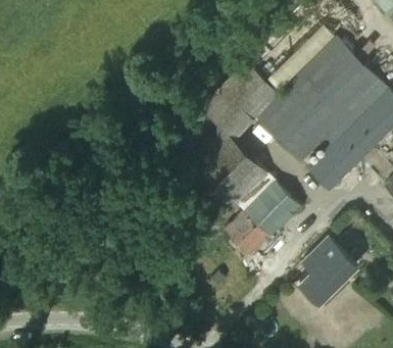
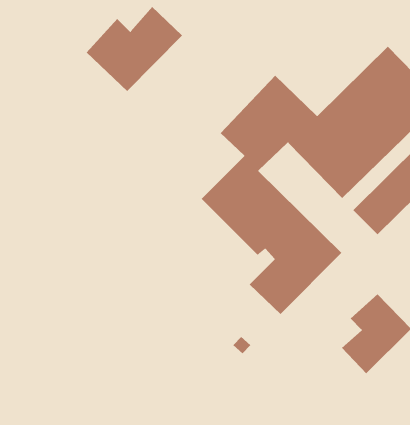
building: none -> [86,6,183,92]

